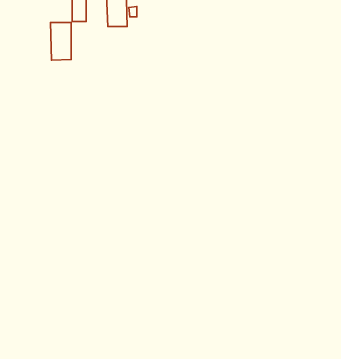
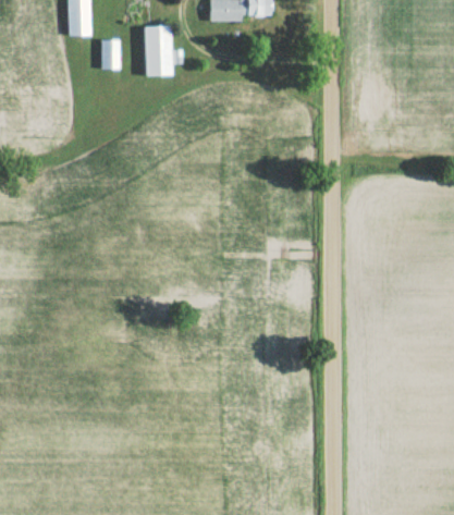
building: [50,23,71,60] -> none

